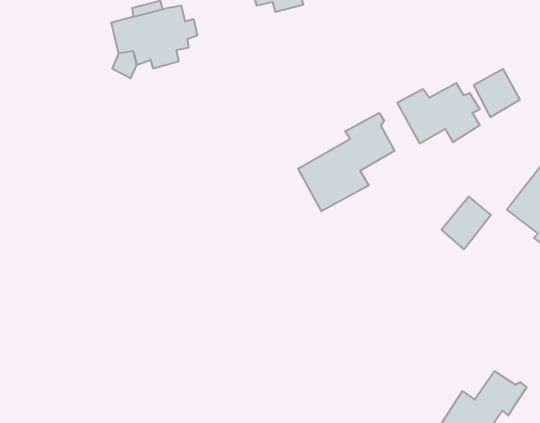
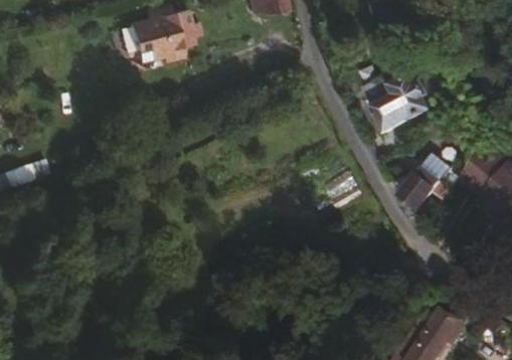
building: [474,69,520,117] -> none
building: [298,113,394,211] -> none

